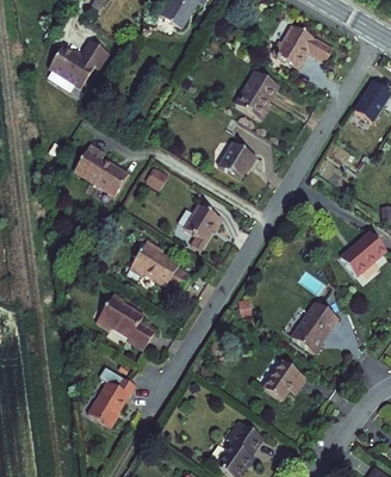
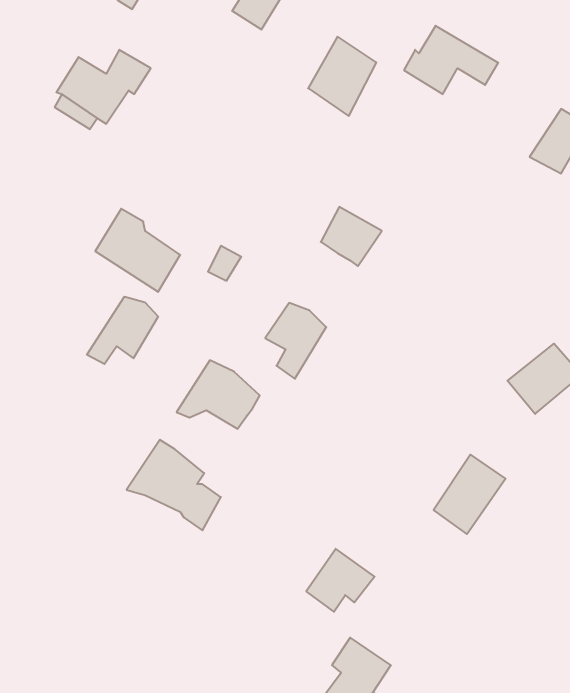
building: [235,68,279,119] -> [308,37,376,116]
building: none -> [87,297,158,364]
building: [262,360,306,401] -> [306,549,375,612]
building: [88,377,134,426] -> none

